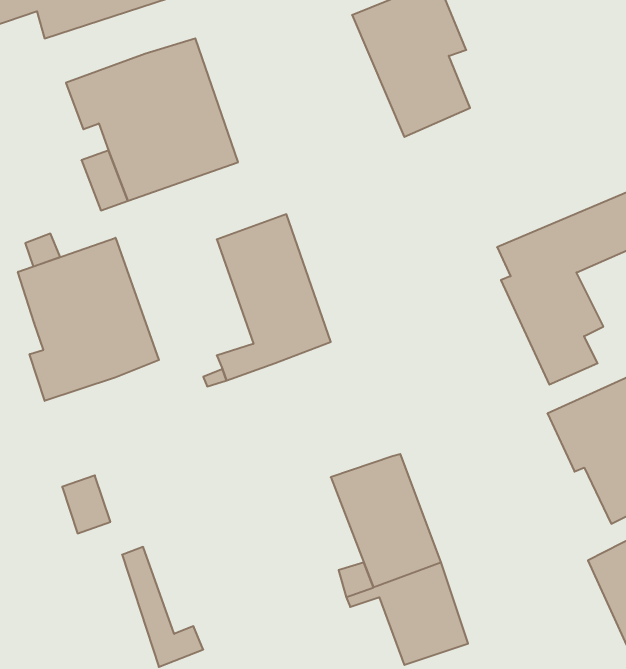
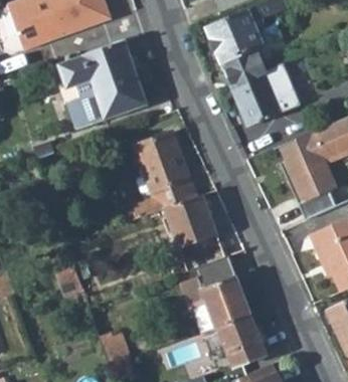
building: none -> [232,64,302,129]
building: [18,238,159,401] -> none
building: none -> [165,194,226,271]

